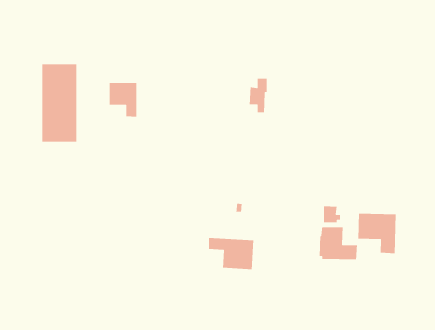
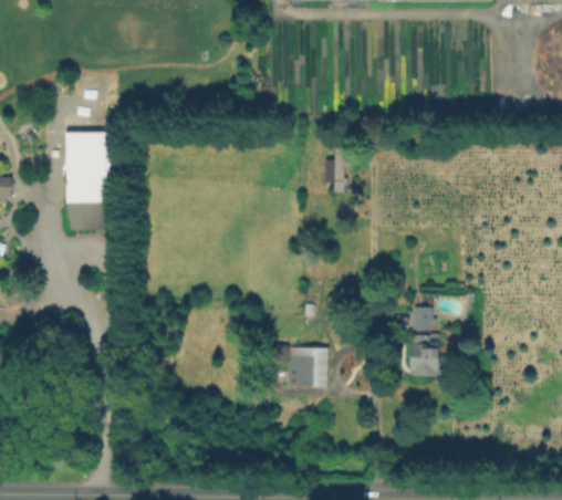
building: [109,82,137,118] -> none
building: [357,213,397,254] -> none

